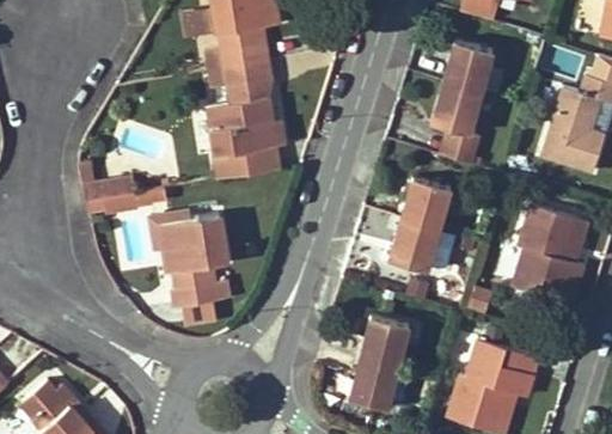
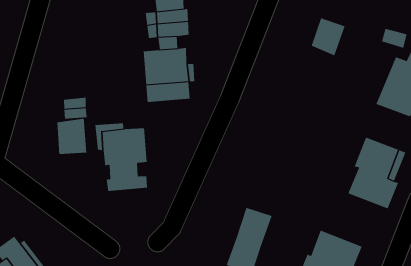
building: [433,82,479,166] -> none
building: [390,178,451,271] -> none
building: none -> [57,118,87,155]

